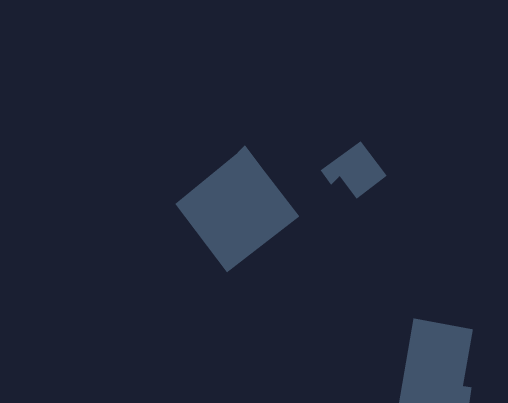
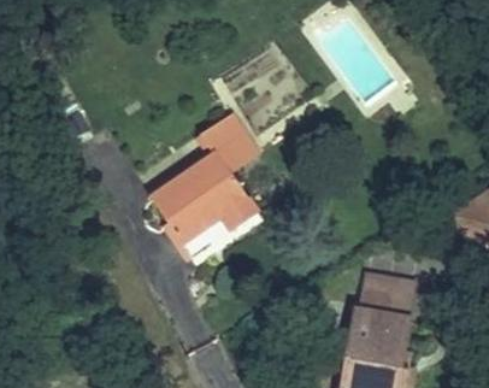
building: [320,140,388,200] -> [198,110,255,160]

